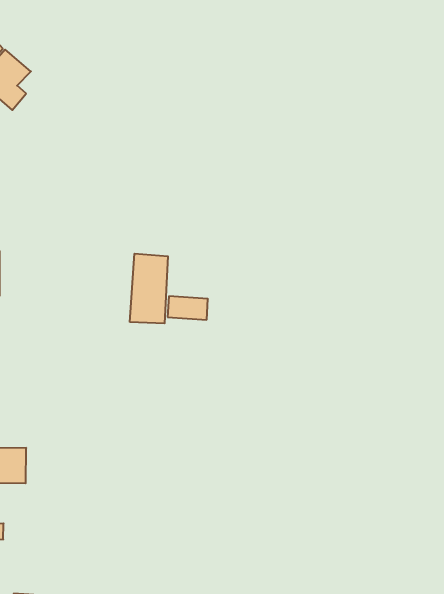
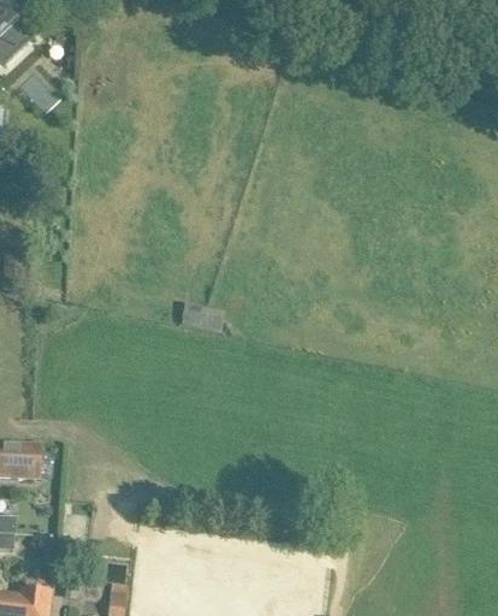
building: [130,254,168,323] -> none

